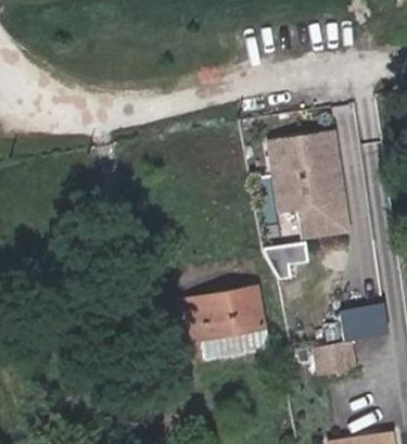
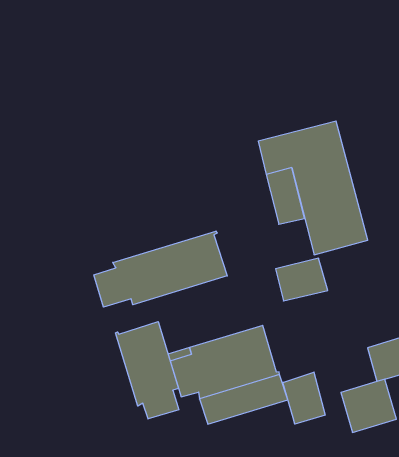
building: none -> [94,231,227,307]
building: none -> [116,322,179,419]
building: none -> [283,372,325,424]

